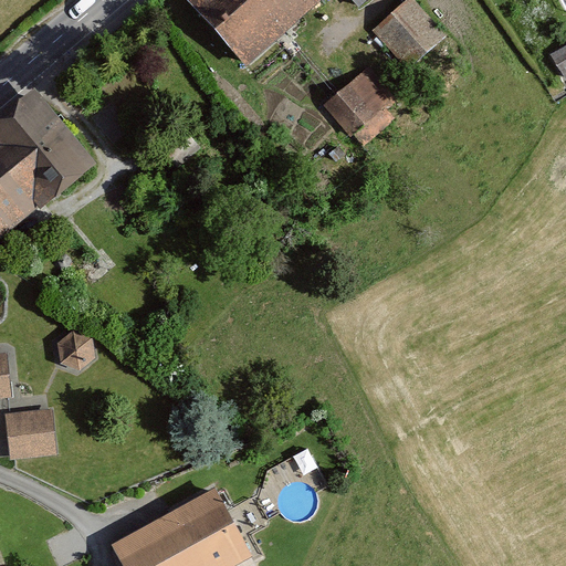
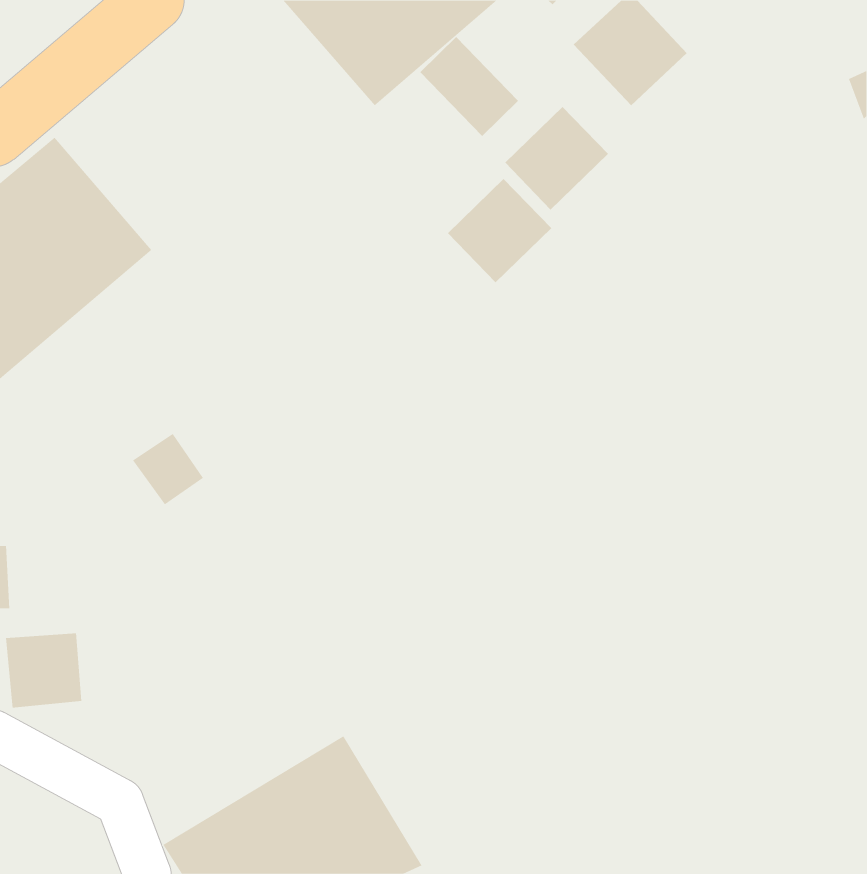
building: none -> [419,36,519,137]
building: none -> [447,178,552,283]
building: [51,331,97,377] -> [132,433,204,505]

